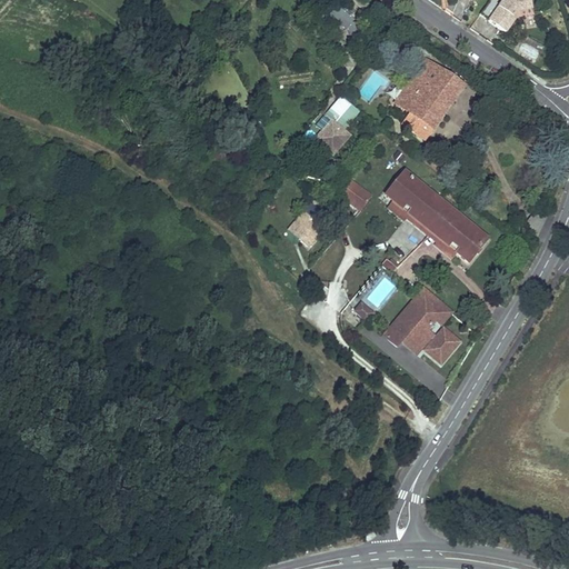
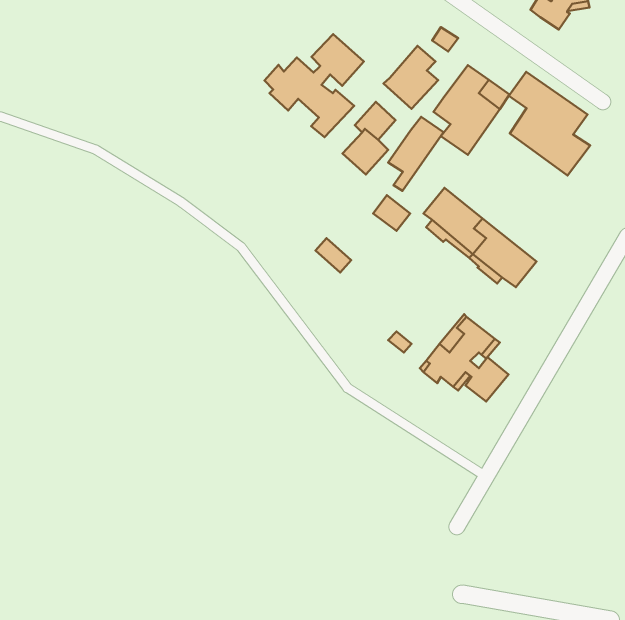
building: none -> [265,34,364,137]
building: none -> [384,46,438,109]
building: none -> [509,72,590,175]
building: none -> [388,117,444,191]

